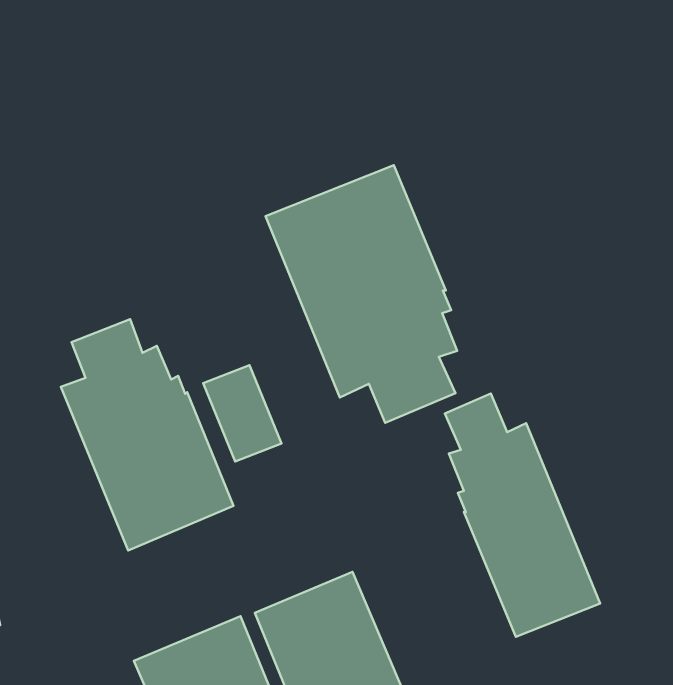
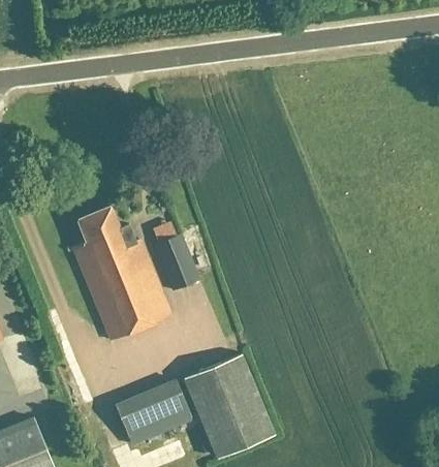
building: [266,165,457,423] -> none
building: [445,393,600,637] -> none

